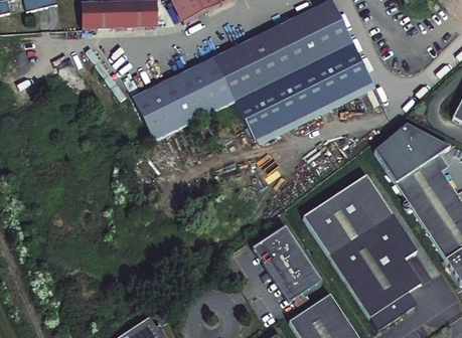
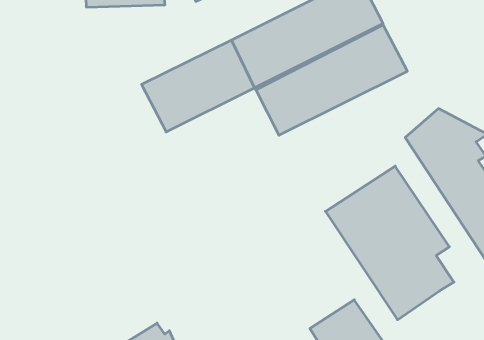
building: [253,227,319,301] -> none
building: [366,286,413,324] -> none

